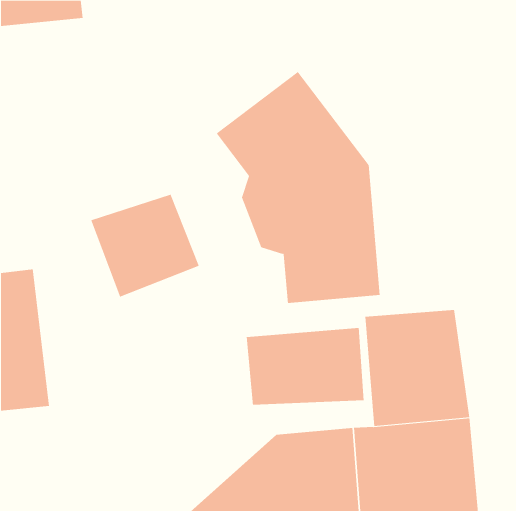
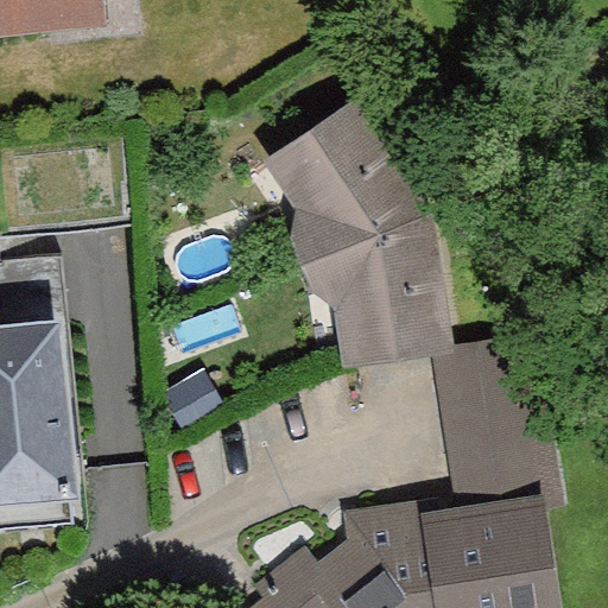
building: [90,194,200,298] -> none
building: [246,327,364,405] -> none

